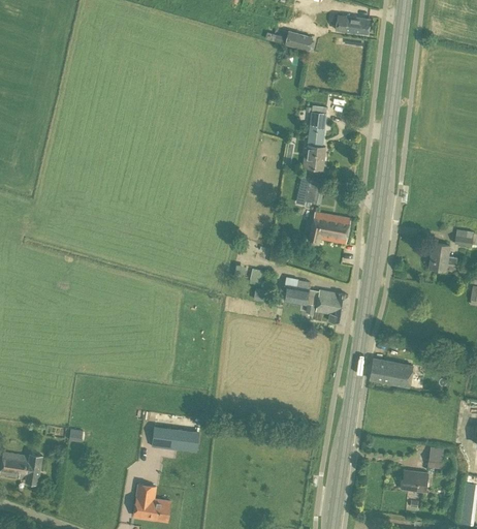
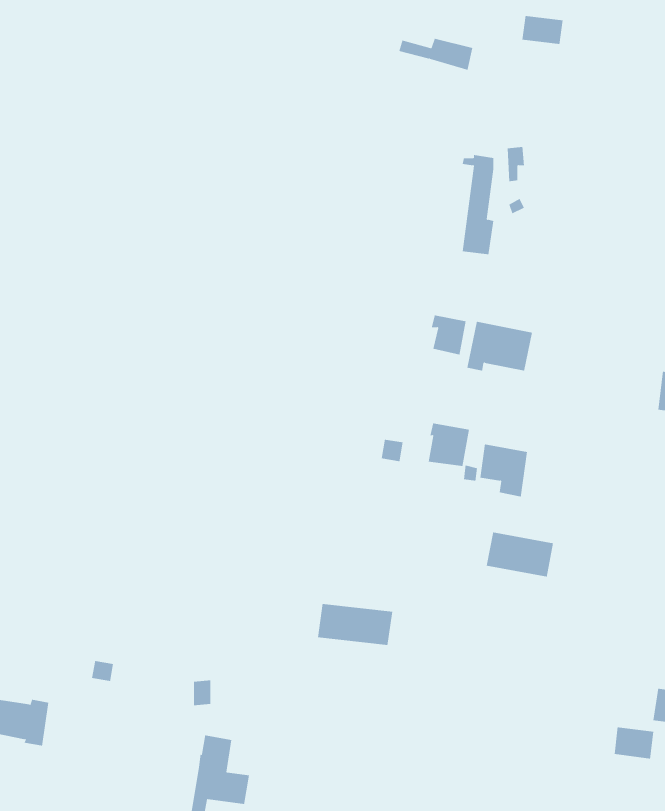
building: [301,179,324,205] -> [431,315,467,355]
building: [369,359,412,387] -> [486,532,554,577]
building: [151,426,199,453] -> [317,604,393,646]

